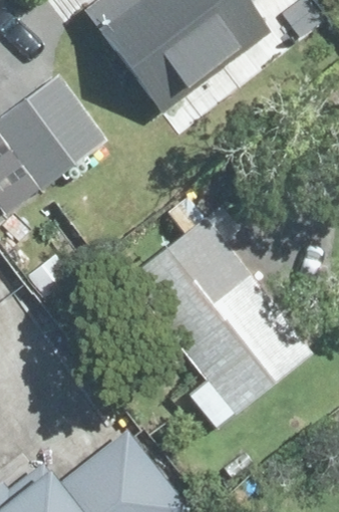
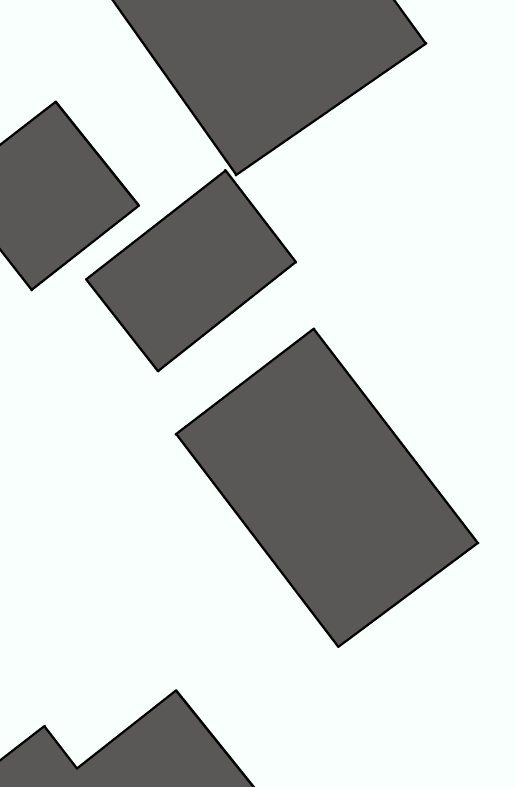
building: none -> [86,170,296,371]

